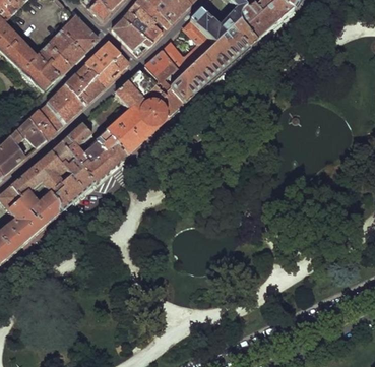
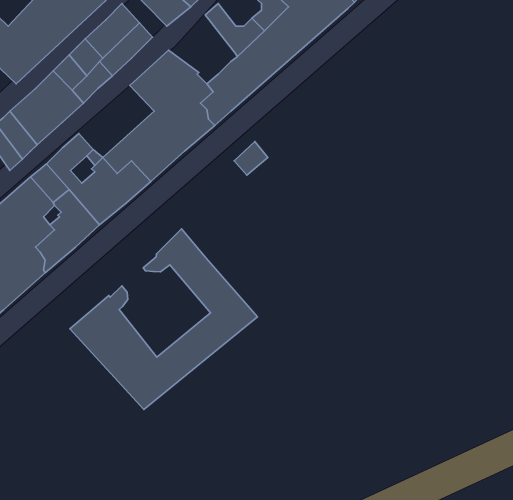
building: [138,48,176,91] -> none
building: none -> [70,229,258,410]

